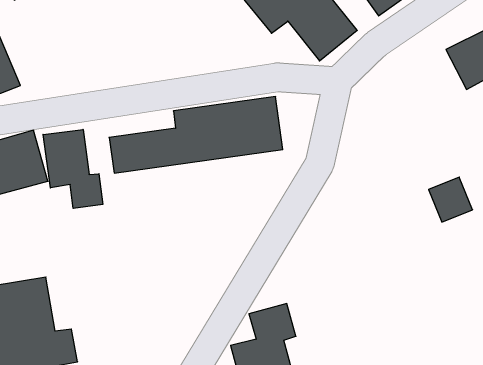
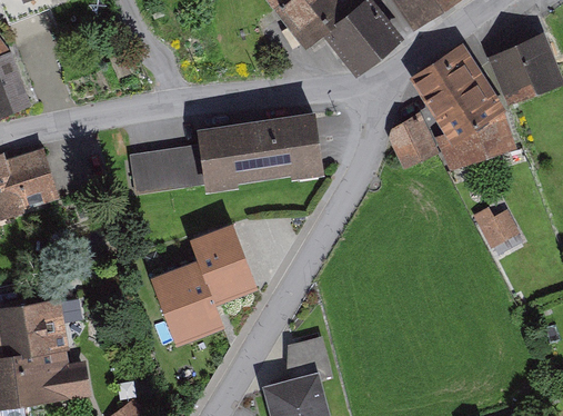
building: none -> [391,52,516,178]
building: [43,129,103,208] -> none
building: none -> [152,219,257,343]

